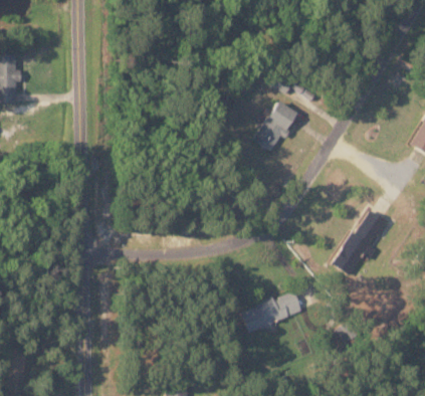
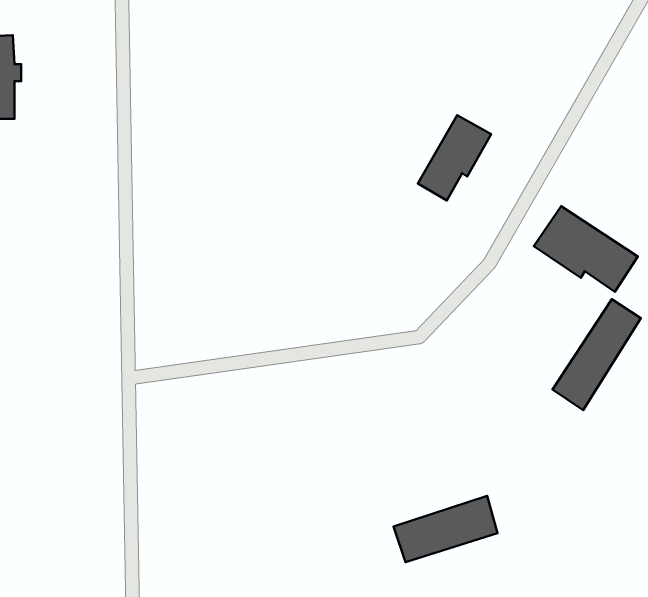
building: none -> [534,206,638,292]
building: [240,291,301,331] -> [394,496,497,562]

